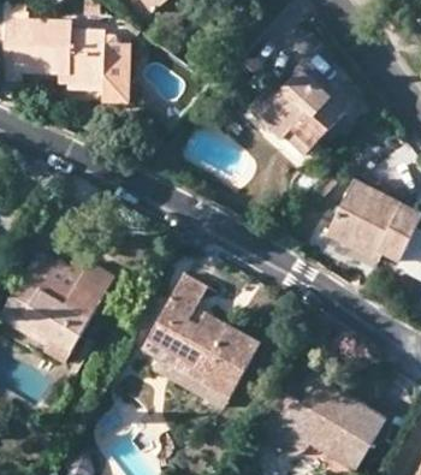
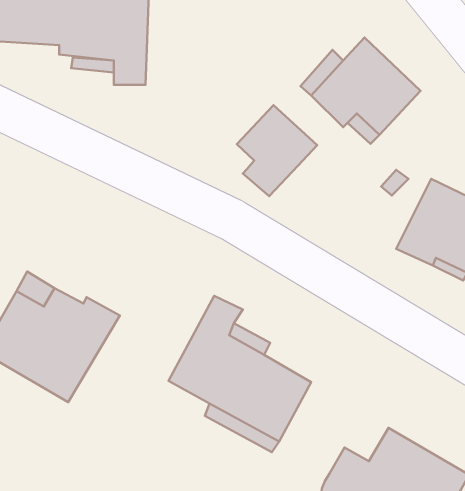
building: none -> [237,105,317,196]

